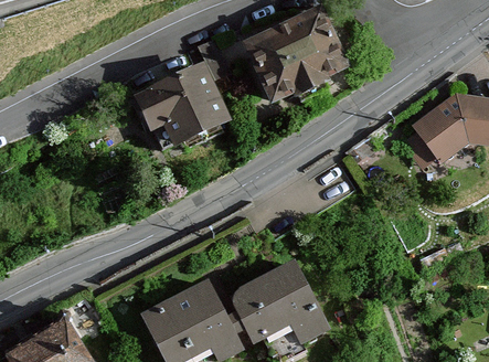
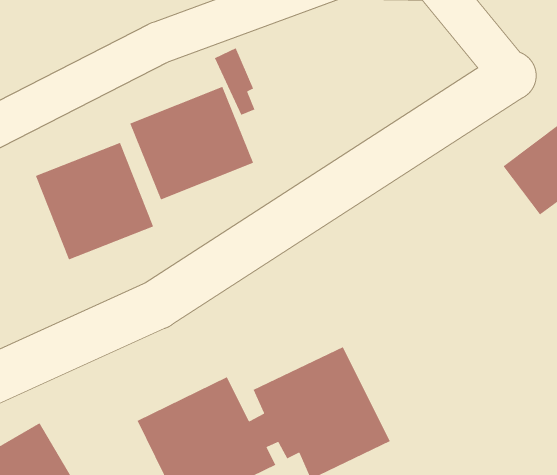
building: [244,10,348,102] -> none
building: none -> [35,142,154,260]

